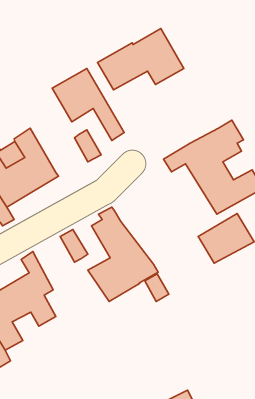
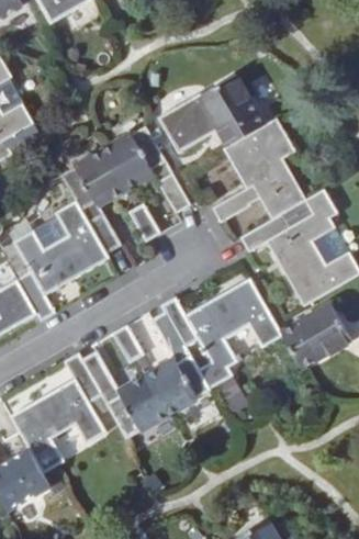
building: none -> [212,117,307,222]
building: none -> [60,149,126,254]
building: none -> [187,278,284,367]
building: none -> [82,351,172,440]

